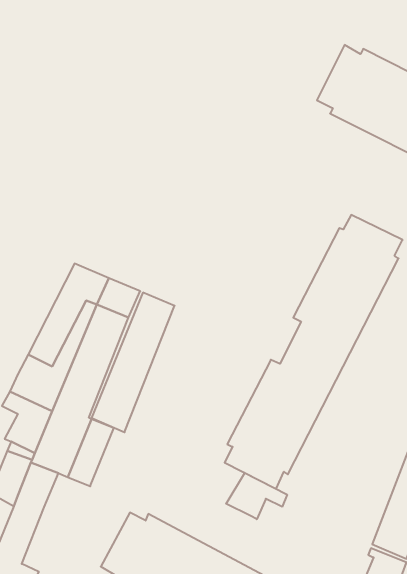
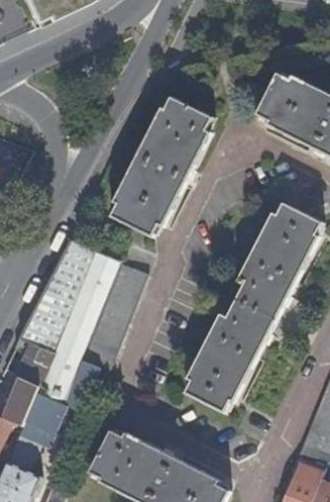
building: none -> [113,96,213,235]
building: [226,473,287,519] -> none

